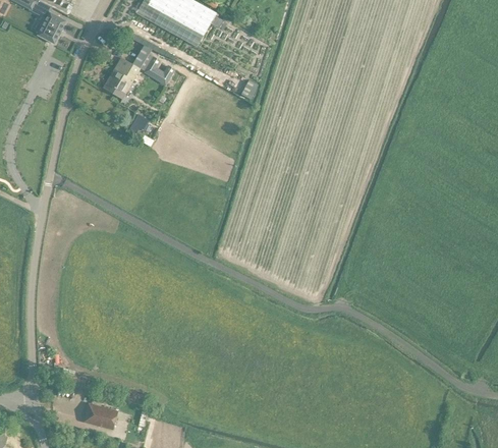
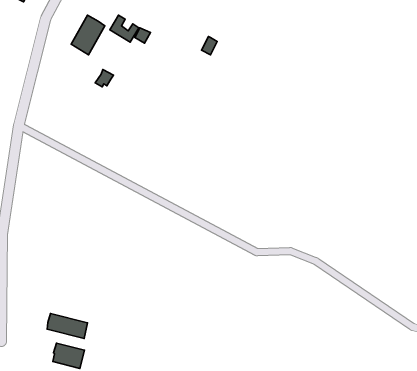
building: none -> [47,313,87,338]

